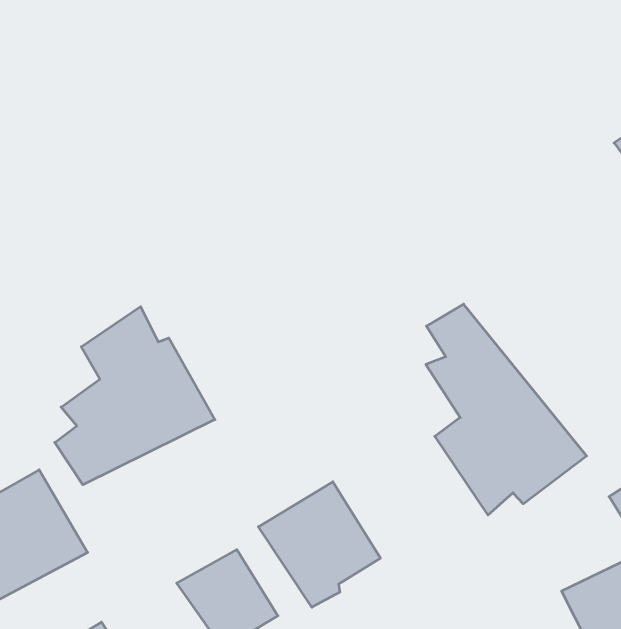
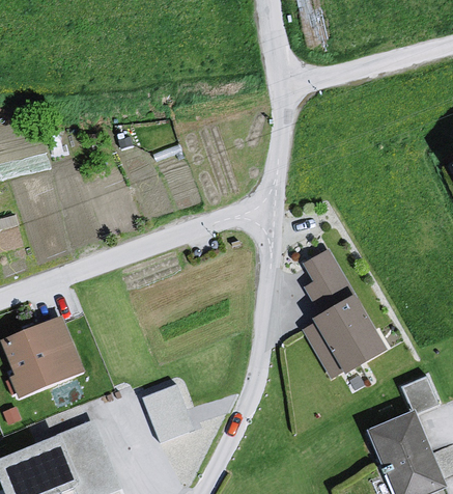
building: [55,307,215,485] -> none
building: [258,482,380,607] -> none

